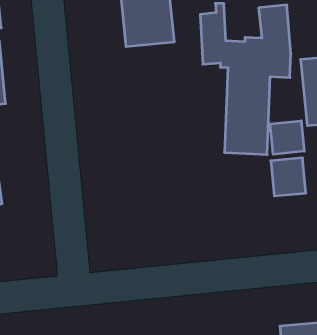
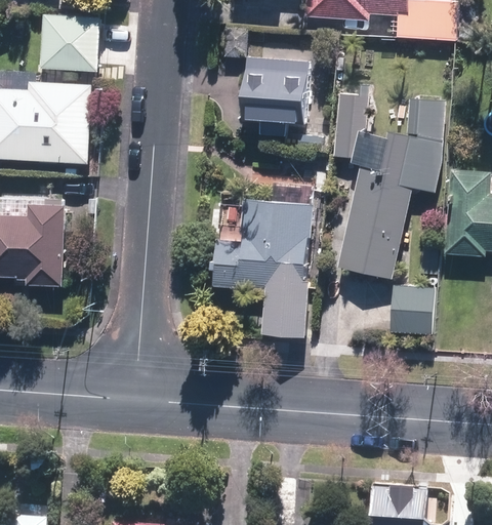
building: none -> [215,199,314,335]
building: [270,121,304,154] -> none

